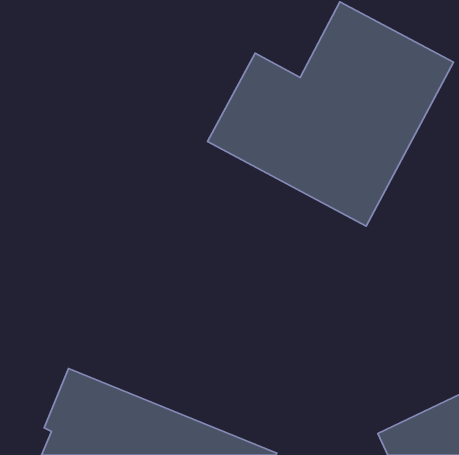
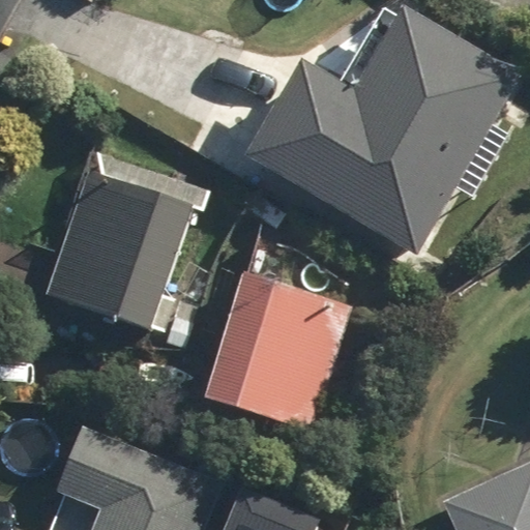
building: none -> [46,152,212,333]
building: none -> [201,273,356,435]

